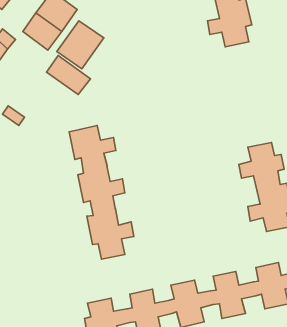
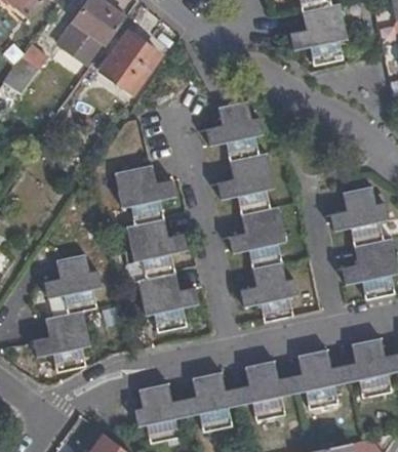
building: [46,55,90,95] -> none
building: none -> [205,100,297,321]
building: none -> [33,253,101,371]

